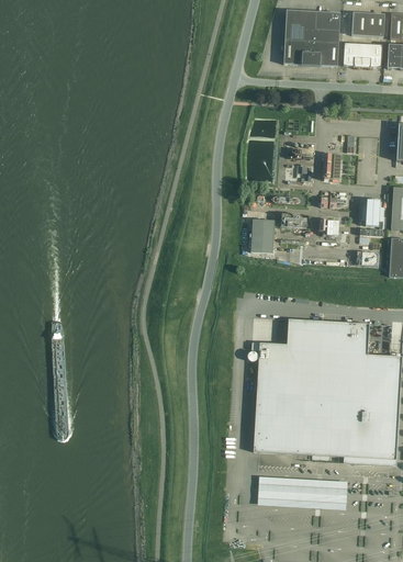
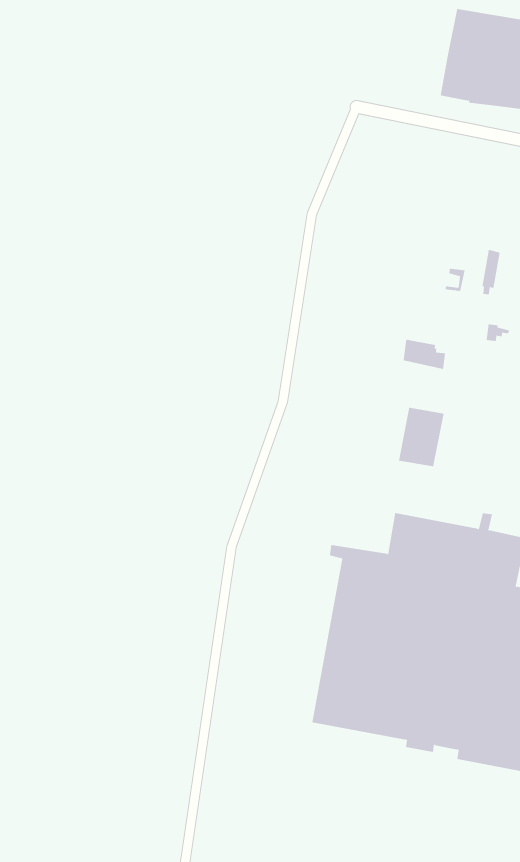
building: [250,218,275,252] -> [398,407,444,467]
building: [257,476,347,508] -> none

